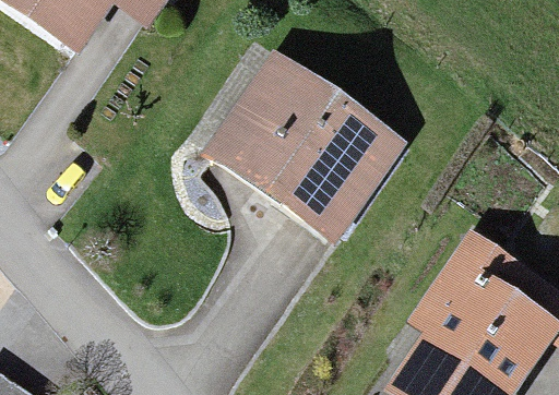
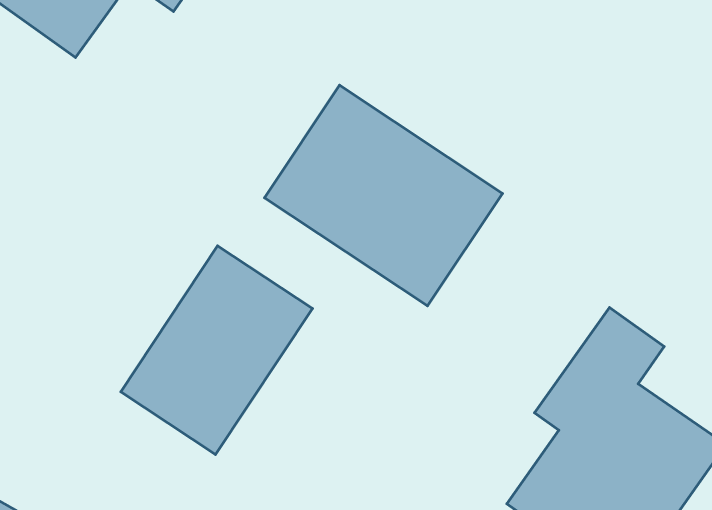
building: none -> [121,246,312,455]

